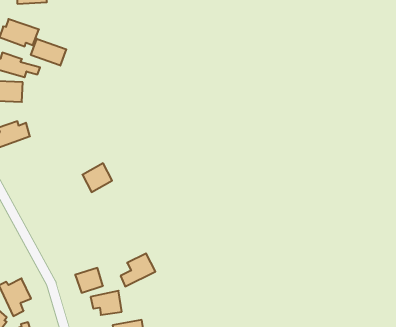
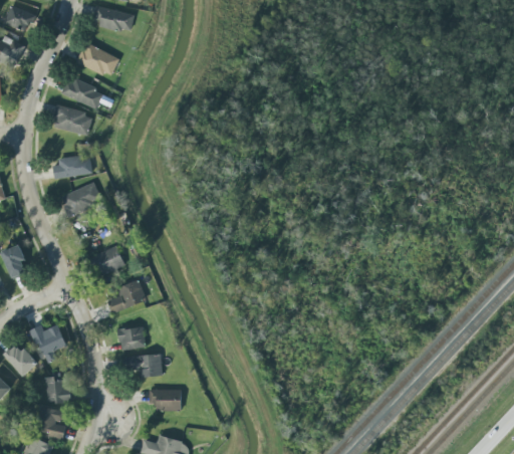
building: [31,39,66,66] -> none
building: none -> [60,182,101,215]
building: [82,163,112,192] -> [93,246,124,275]
building: [121,253,155,286] -> [108,280,147,312]

